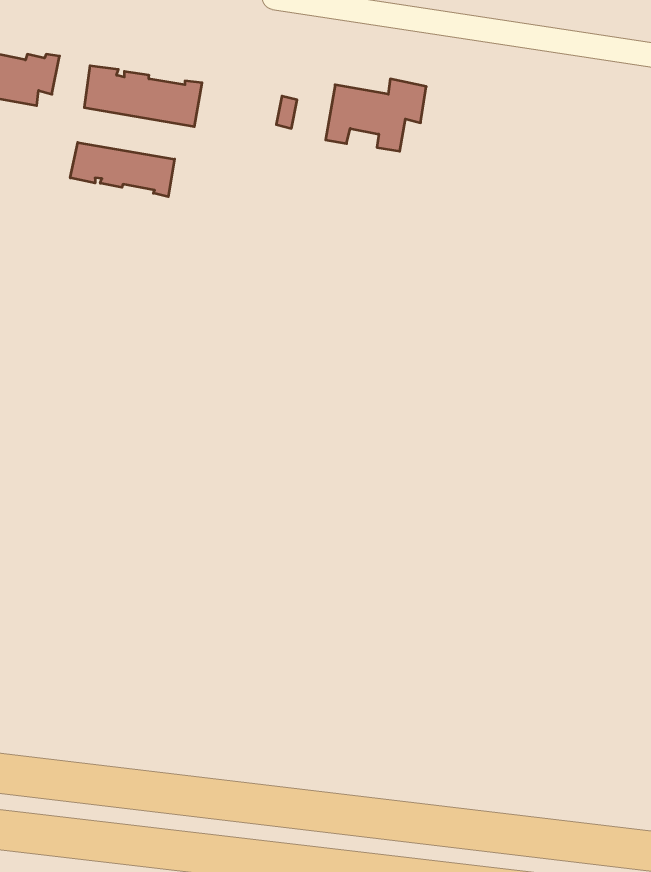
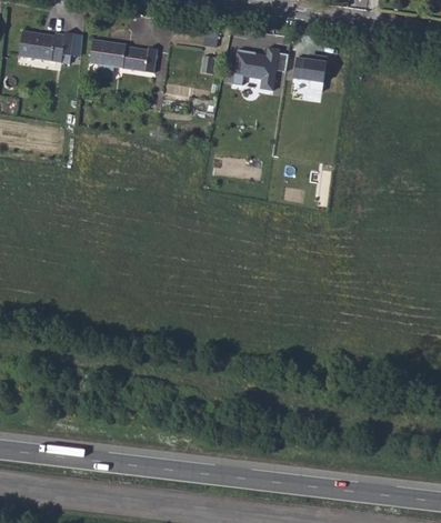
building: none -> [292,54,327,81]
building: [70,142,175,197] -> none

